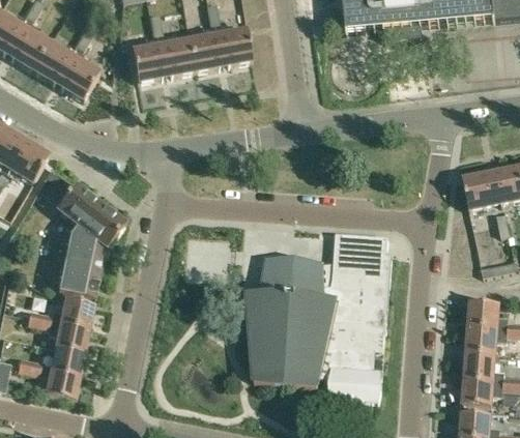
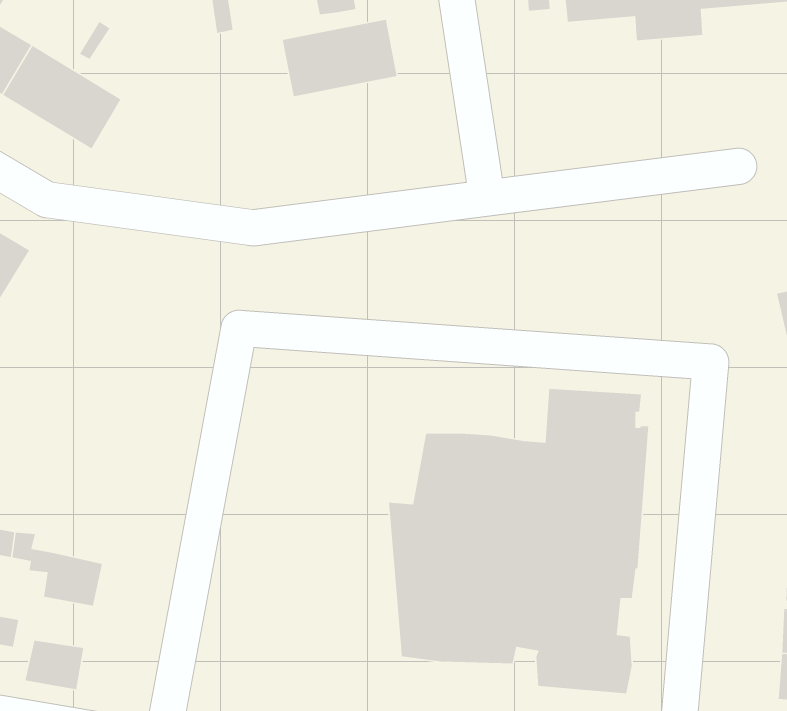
building: [119,37,194,80] -> none
building: [56,184,124,297] -> none
building: [49,297,93,328] -> none
building: [50,347,83,375] -> none

